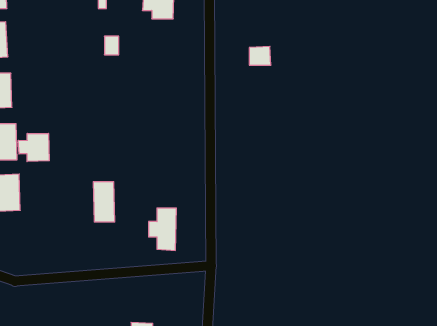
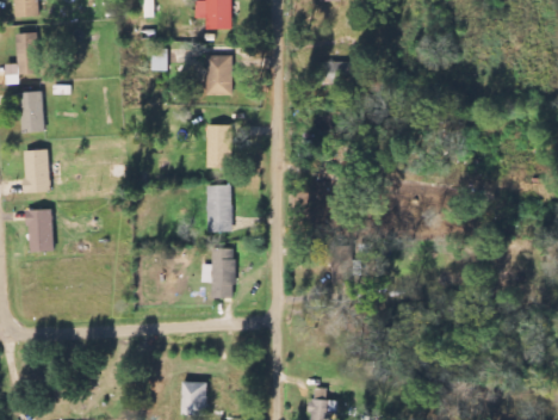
building: none -> [204,55,231,95]
building: none -> [205,125,230,167]
building: [18,133,49,162] -> none
building: [93,182,115,222] -> [206,185,231,231]

